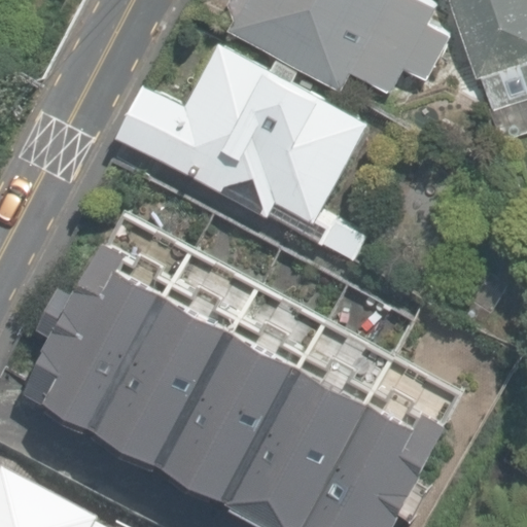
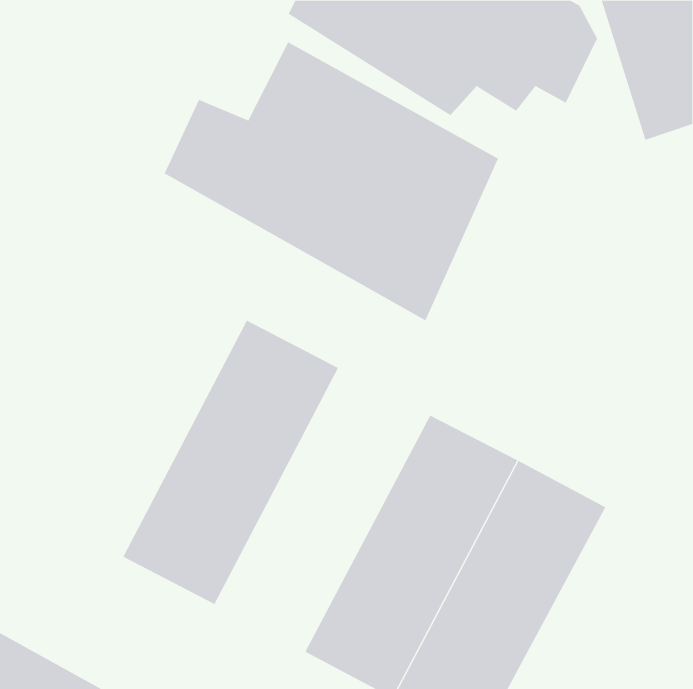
building: [24,215,184,427] -> none
building: [161,286,321,498] -> none

